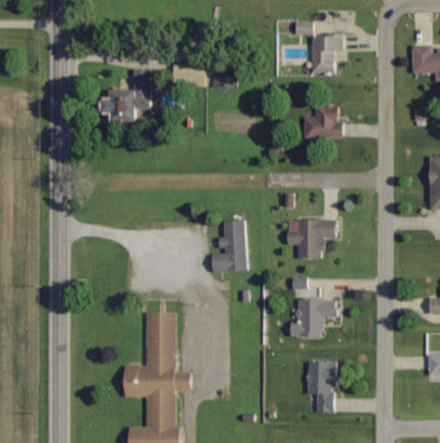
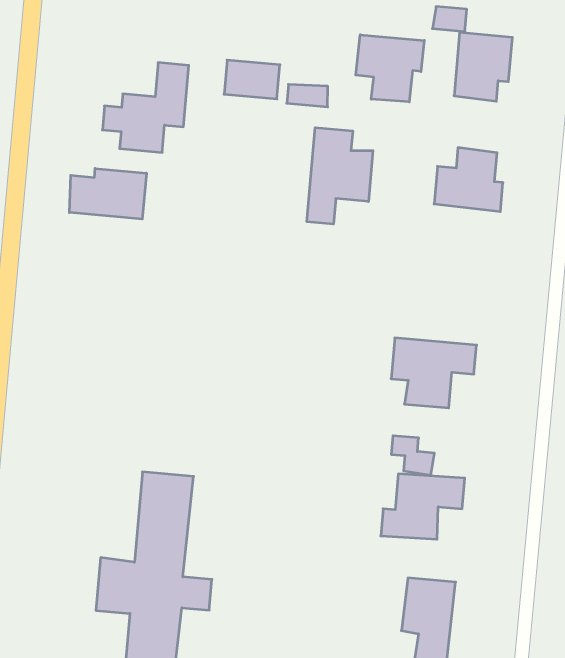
building: none -> [356,35,424,102]
building: none -> [307,128,373,224]
building: none -> [69,168,146,219]
building: [211,220,246,272] -> none

